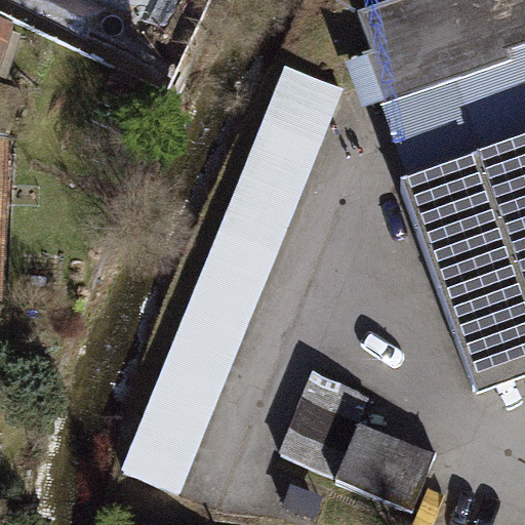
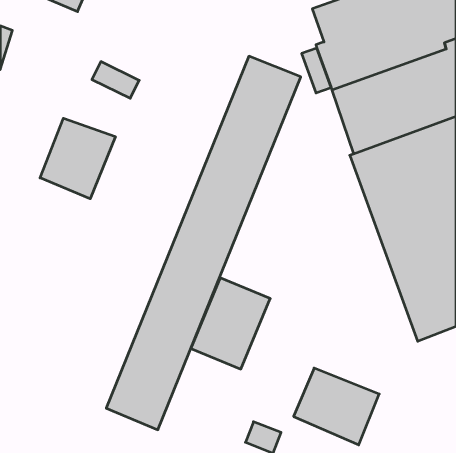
building: none -> [40,118,115,199]
building: [279,370,370,475] -> [191,278,270,369]

